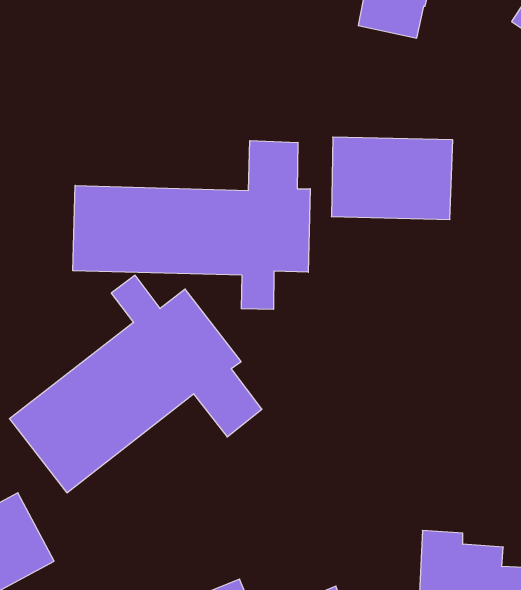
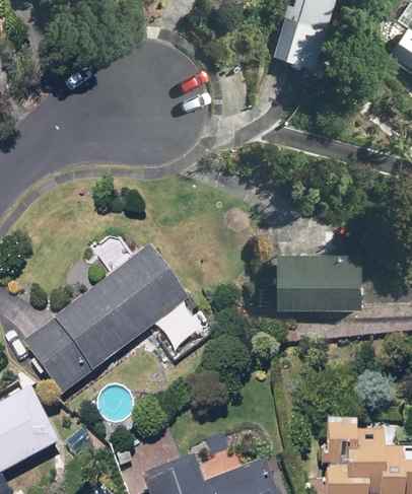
building: [331,137,453,219] -> [276,248,364,307]
building: [73,141,310,309] -> none

